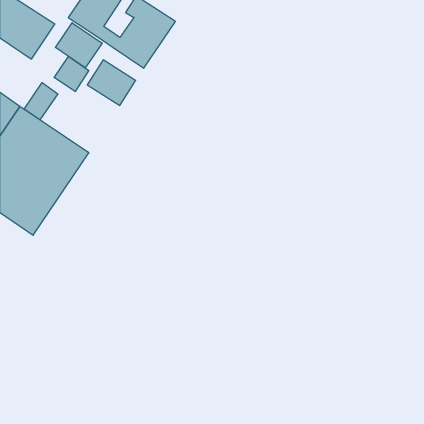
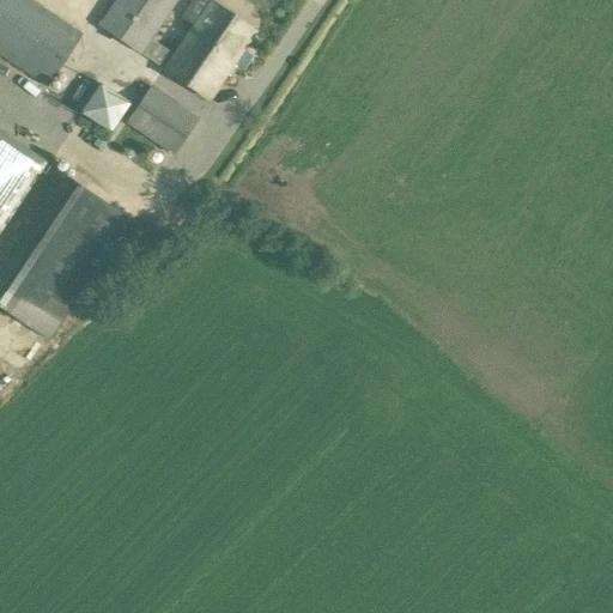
building: [55,23,102,68] -> none
building: [24,83,58,120] -> none

